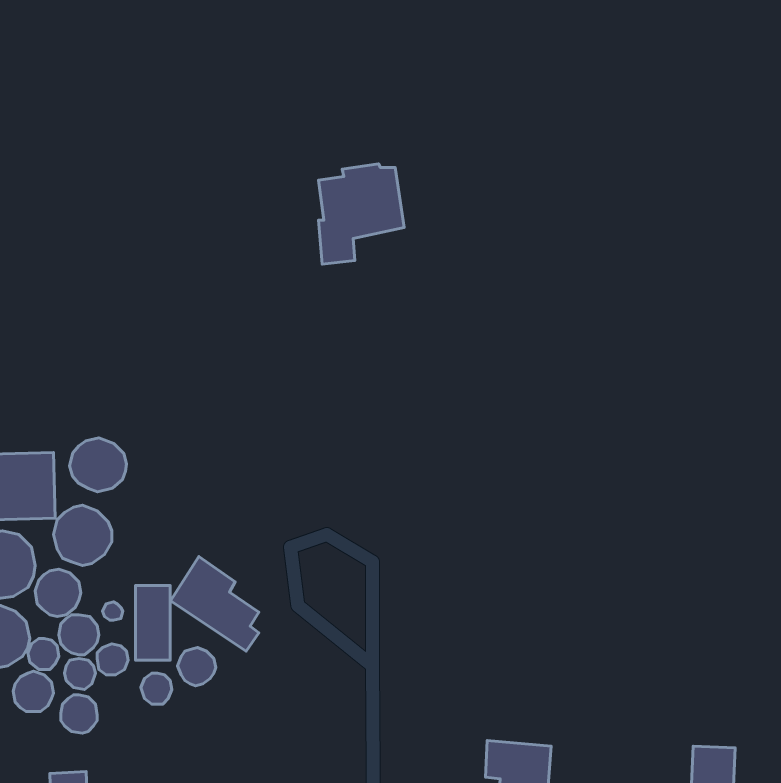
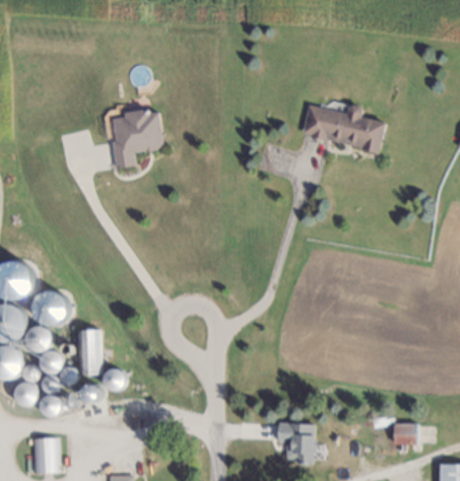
building: none -> [300,95,382,143]
building: [318,164,404,264] -> [113,109,160,164]
building: [70,438,127,492] -> none
building: [171,556,259,651] -> none

